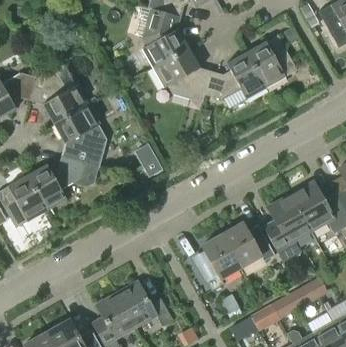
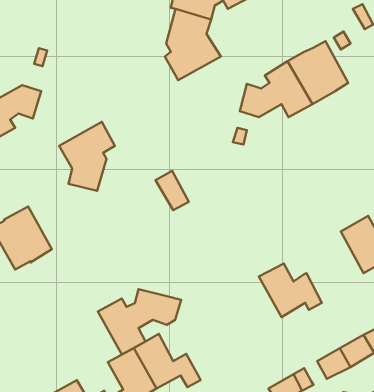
building: [153,48,211,102] -> none
building: [31,64,89,123] -> none
building: [27,155,97,210] -> [98,289,181,354]
building: [266,195,309,262] -> none
building: [198,233,240,290] -> none

